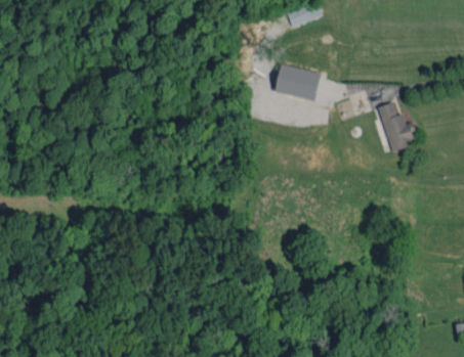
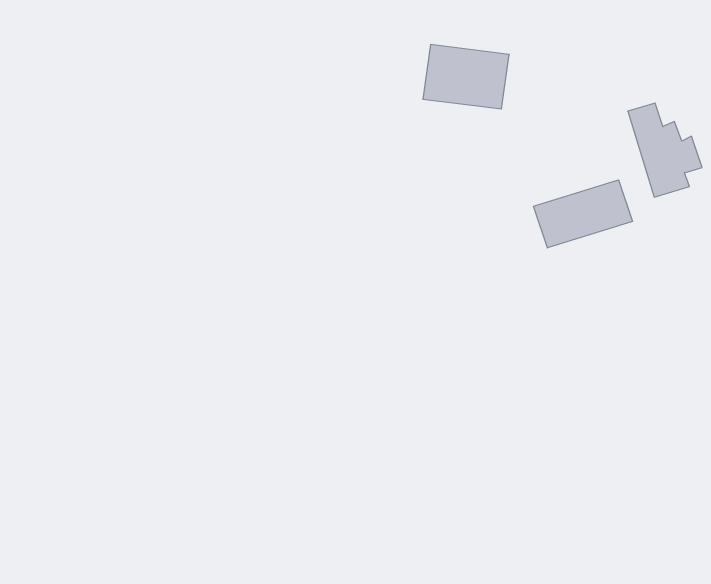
building: none -> [533,180,633,248]

